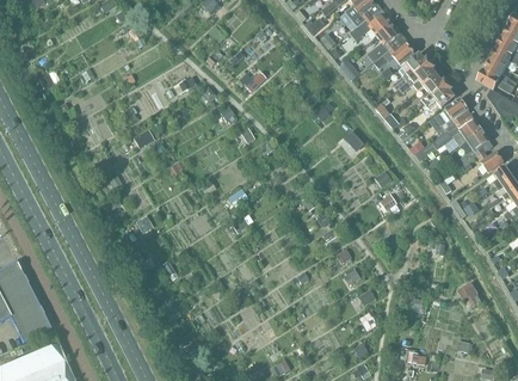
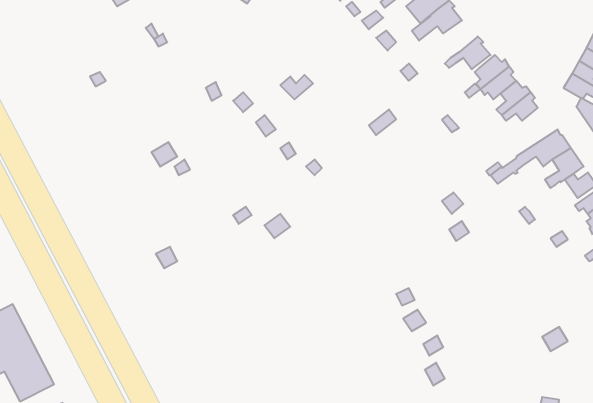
building: [366,25,403,63] -> none
building: [432,99,470,139] -> none

